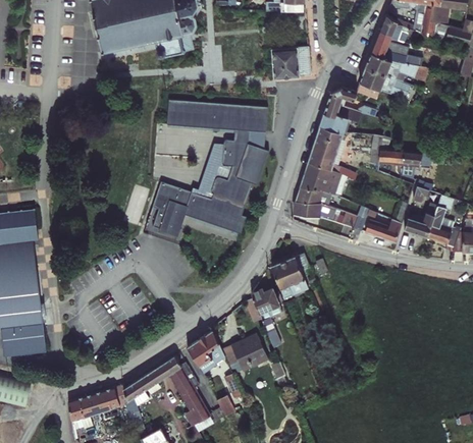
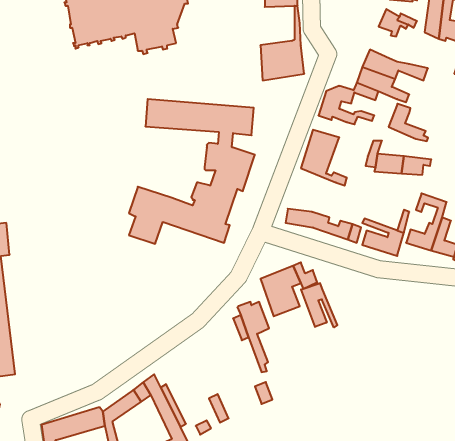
building: [373,32,410,66] -> [389,104,428,141]
building: [320,114,352,134] -> none
building: [189,143,229,198] -> none
building: [301,163,341,197] -> none
building: none -> [301,283,337,327]
building: [186,326,224,376] -> none
building: [229,334,266,372] -> none

